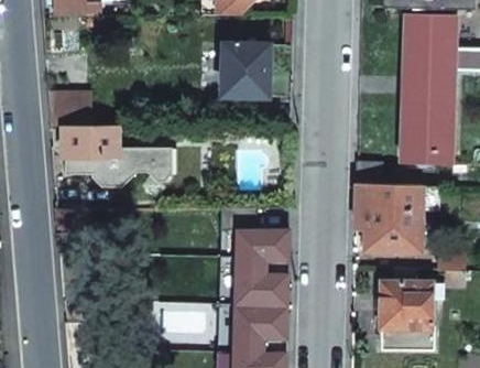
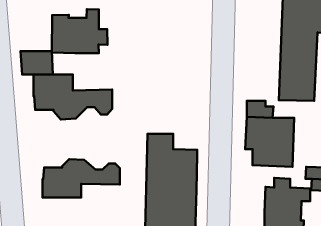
building: none -> [52,9,107,53]
building: [222,42,271,96] -> none
building: none -> [42,159,120,198]

